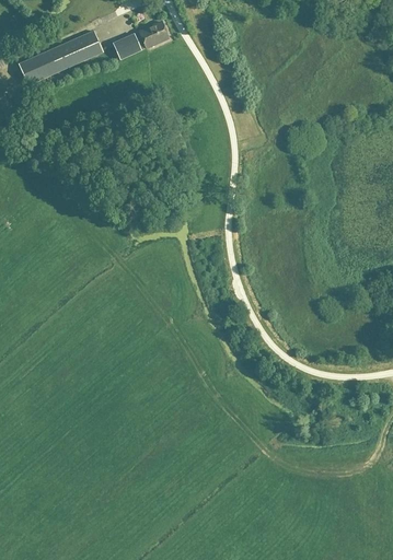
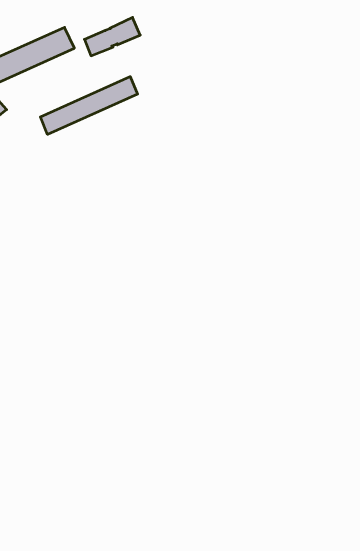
building: none -> [40,77,138,134]

